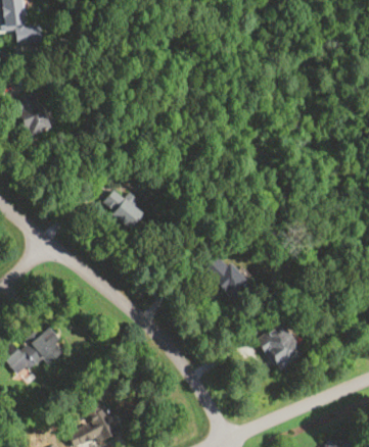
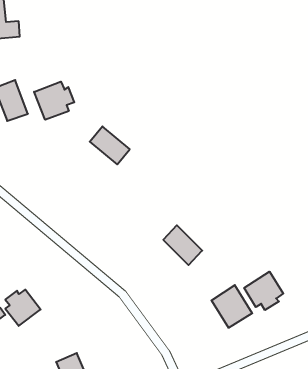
building: none -> [34,82,74,120]
building: [99,189,144,232] -> [90,126,130,164]
building: none -> [244,272,283,310]

